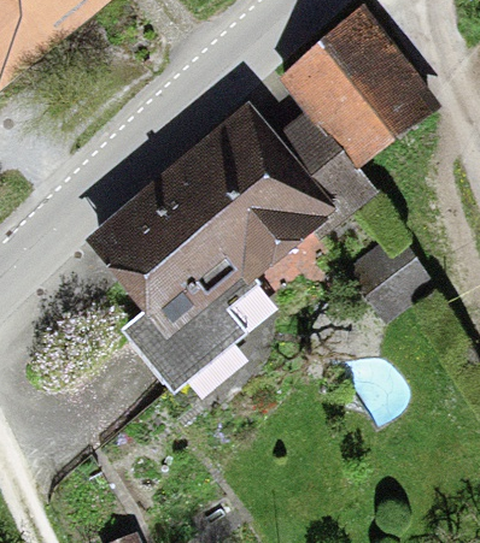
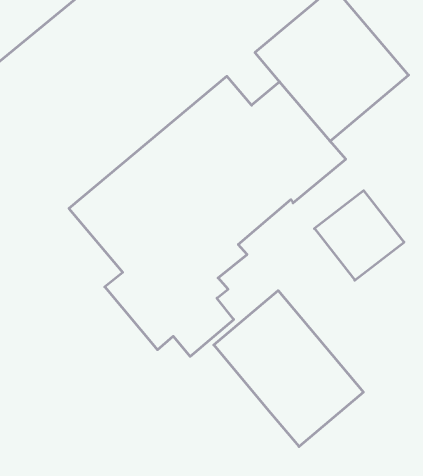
building: none -> [214,291,363,447]

